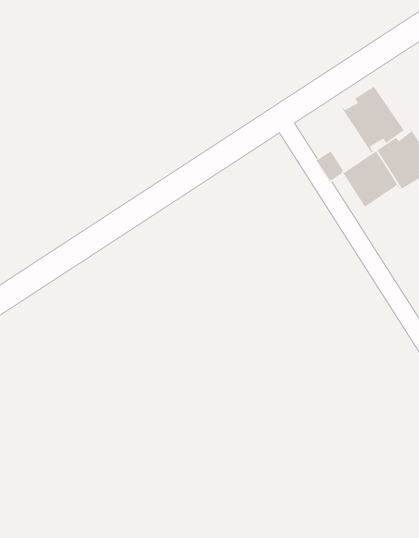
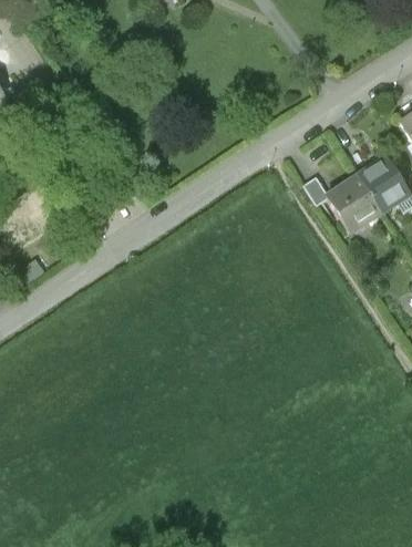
building: [341,86,404,154] -> none

